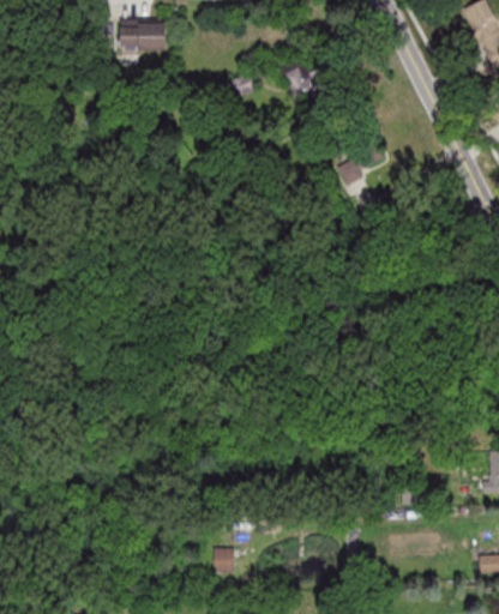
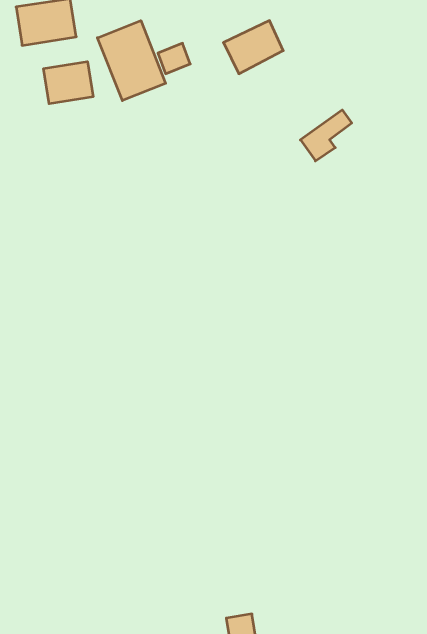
building: none -> [97,21,166,101]
building: none -> [44,62,93,104]

